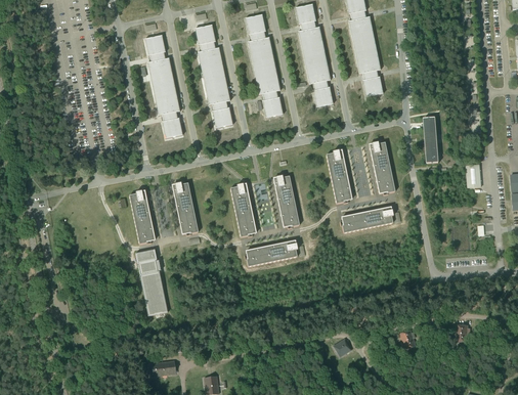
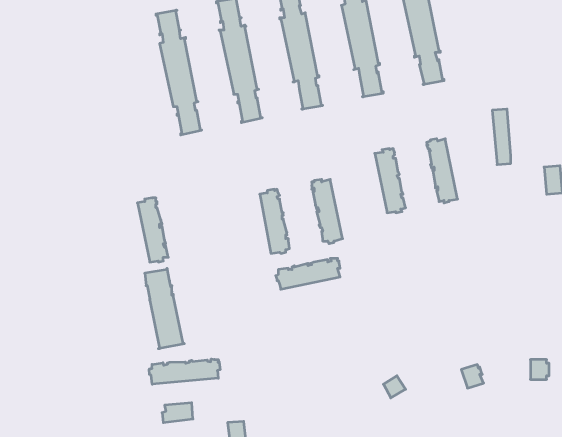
building: [172,182,198,235] -> none
building: [339,207,392,232] -> none
building: none -> [149,359,220,384]

